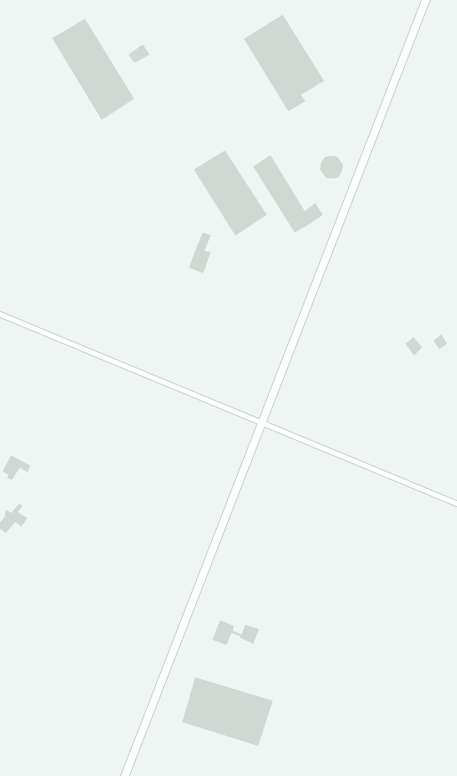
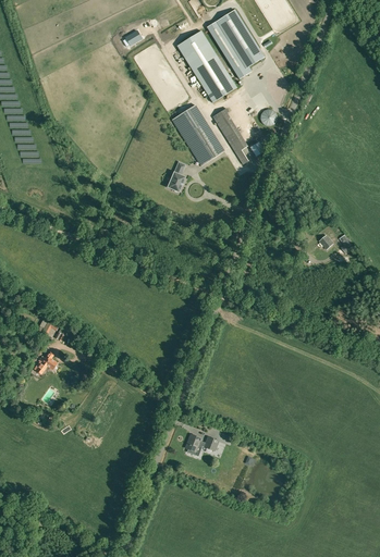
building: [51,18,135,121] -> [177,30,236,102]
building: [181,676,274,747] -> none

